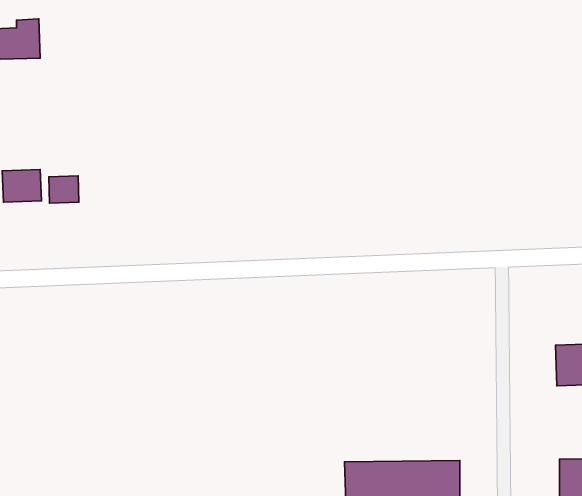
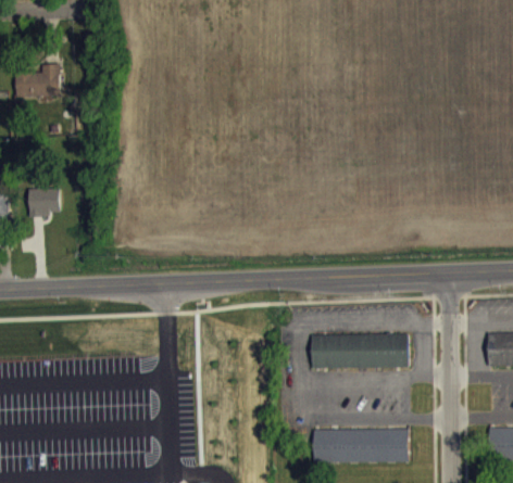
building: [49,176,79,203] -> none
building: none -> [312,334,409,369]

